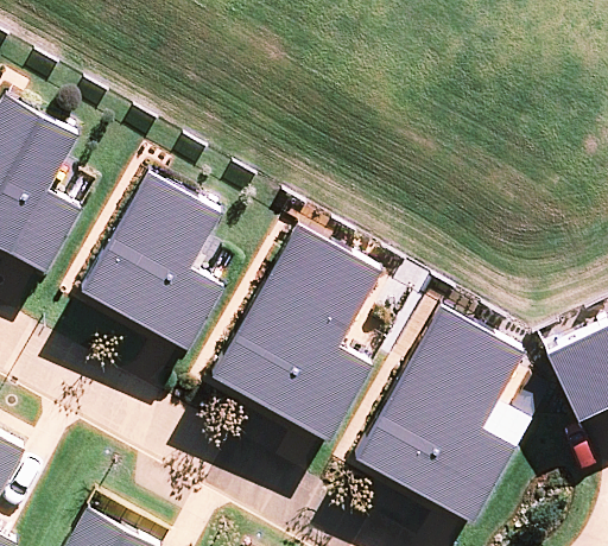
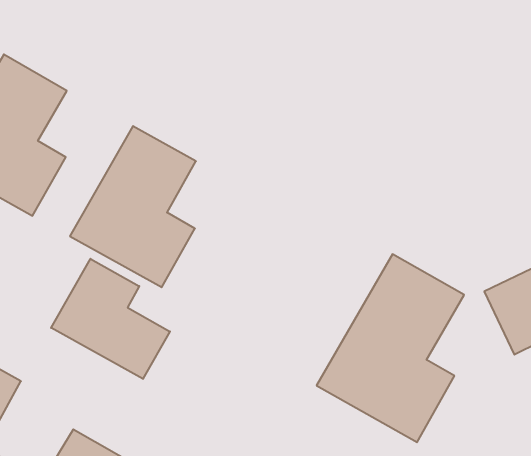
building: [215,228,378,437] -> none
building: none -> [51,259,170,379]

